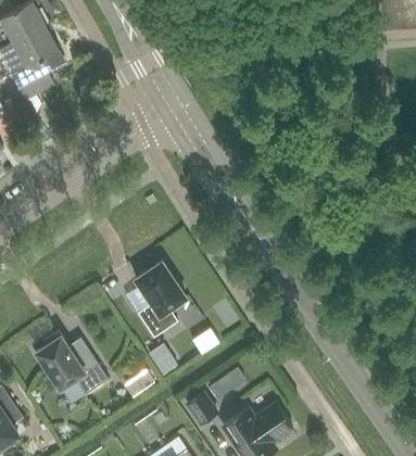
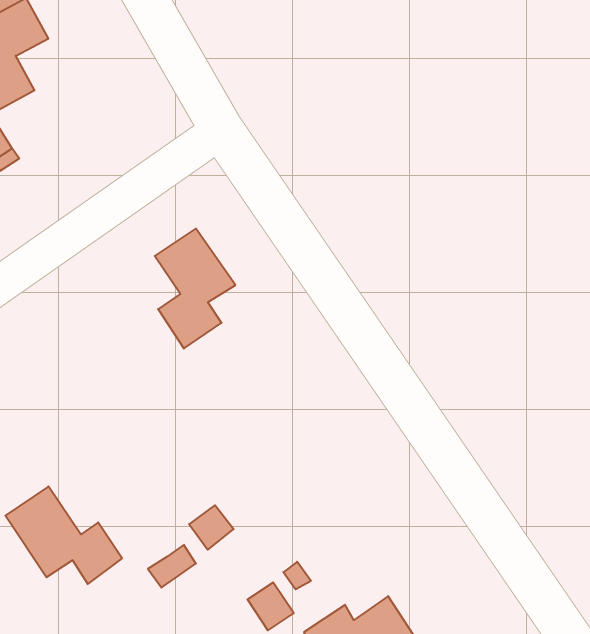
building: [135,262,186,338] -> [155,229,235,349]

